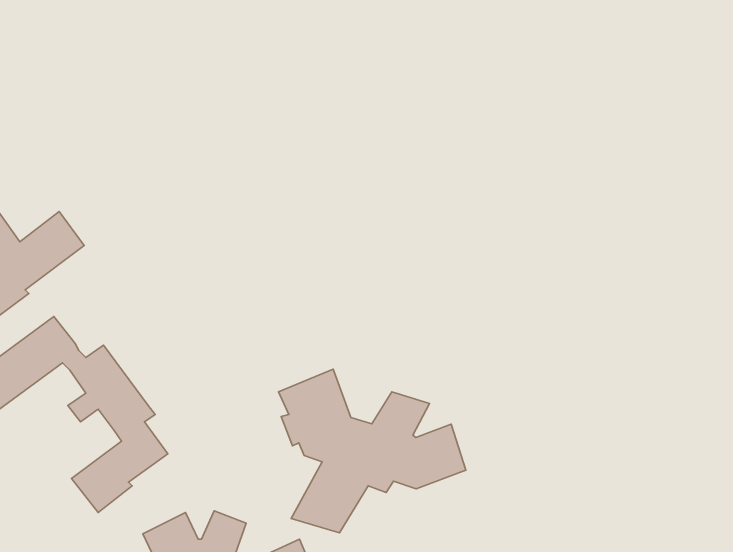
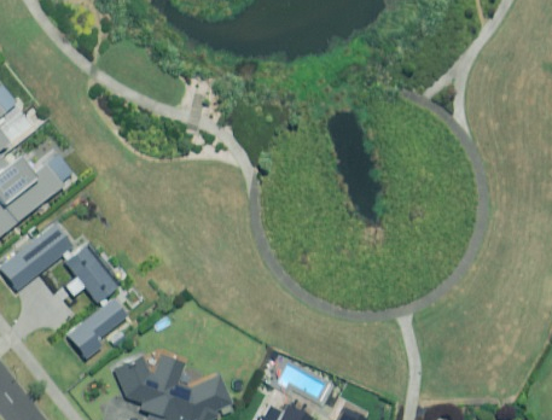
building: [278,369,466,533] -> none

